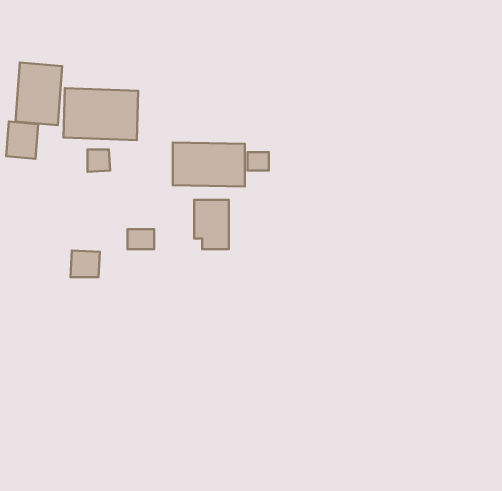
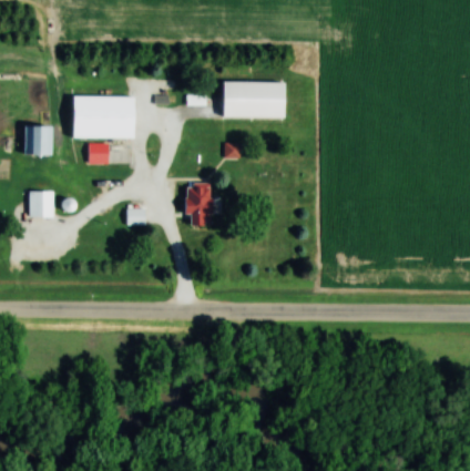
building: [15,62,62,125] -> none
building: [173,142,245,186] -> [224,80,284,116]
building: [71,251,100,277] -> [32,194,57,216]

